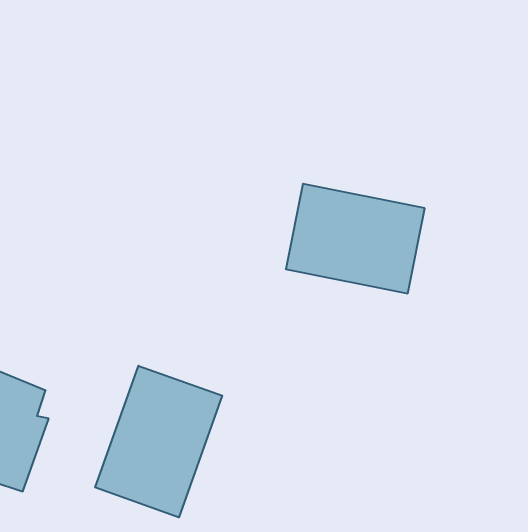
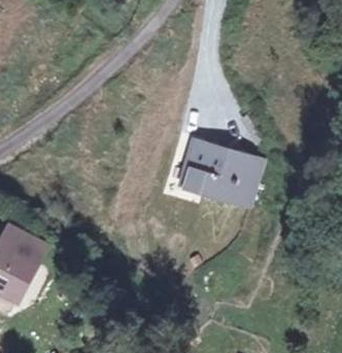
building: [95,366,222,517] -> none

